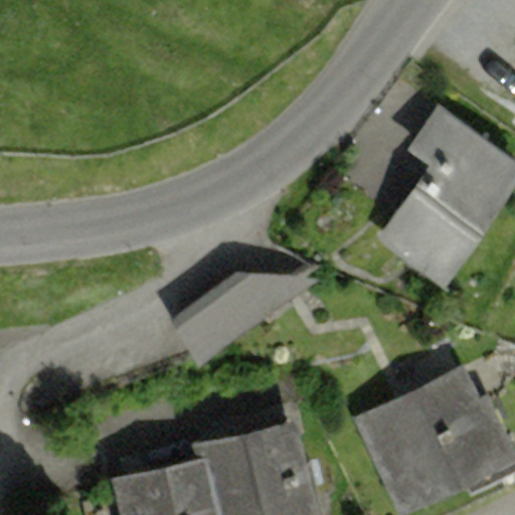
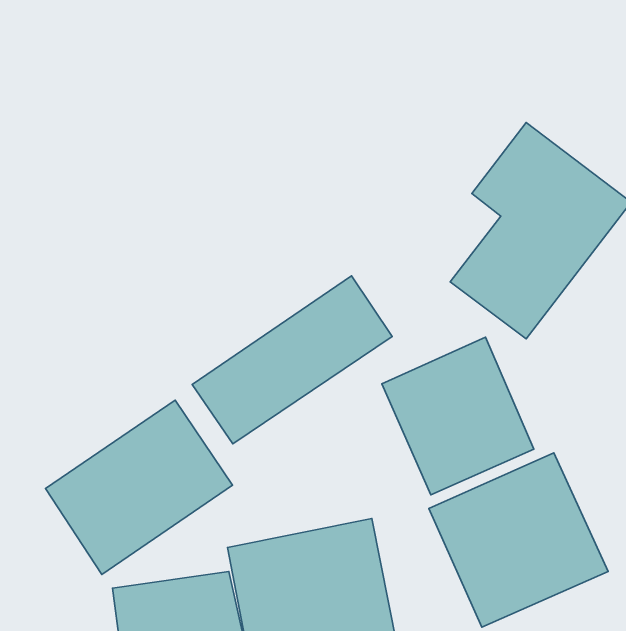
building: none -> [382,337,534,495]
building: none -> [45,400,233,575]

